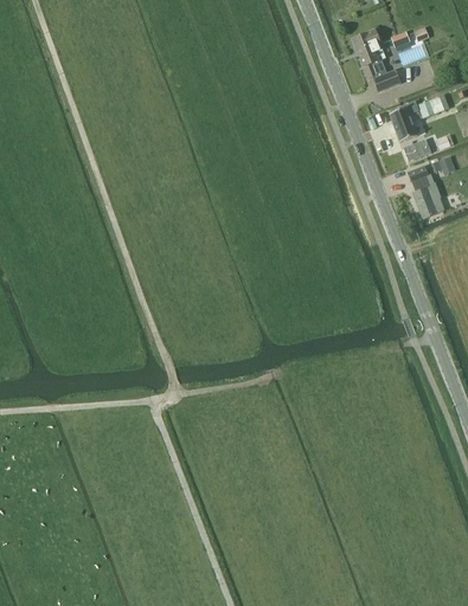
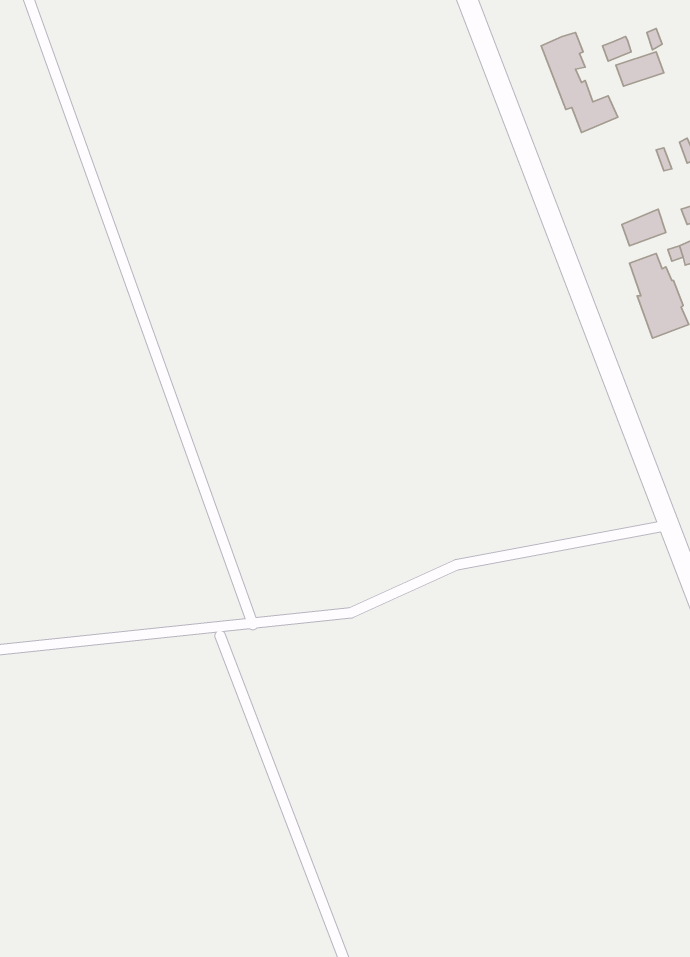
building: [390,102,418,142] -> none

